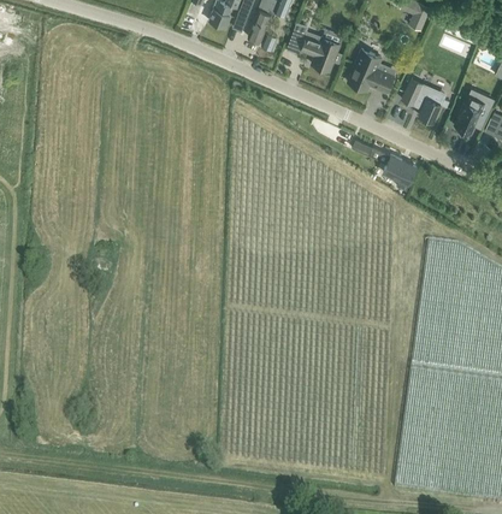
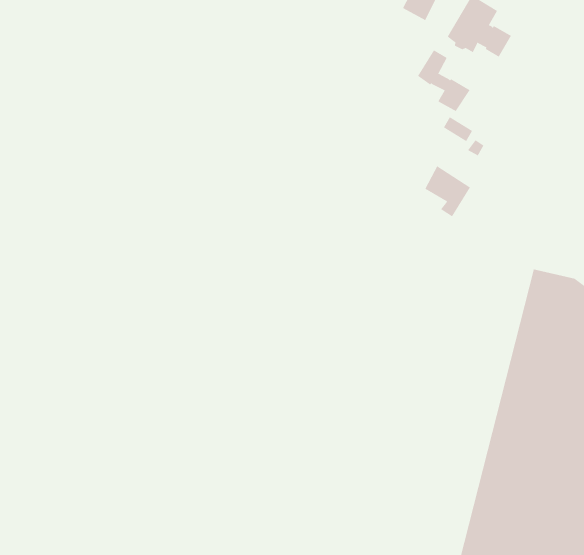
building: [402,78,442,122] -> [417,50,470,112]
building: [383,154,417,190] -> [424,165,471,217]

